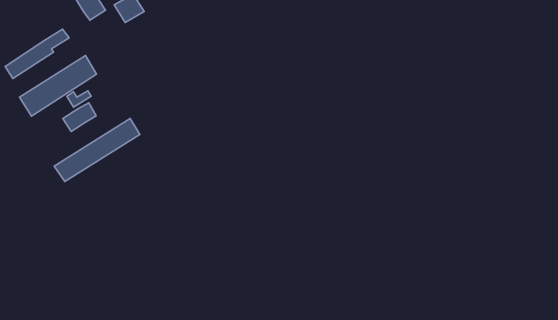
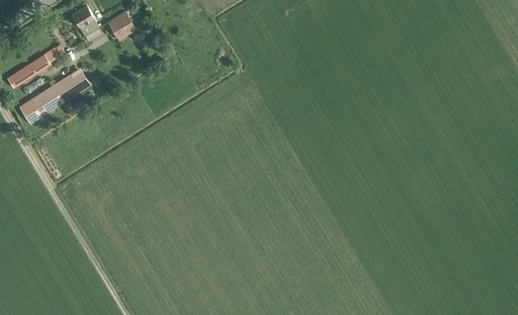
building: [63,103,96,132] -> none
building: [54,118,140,181] -> none

